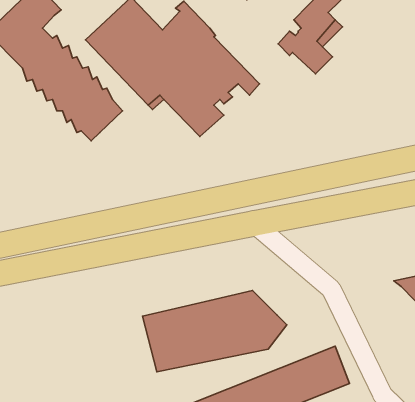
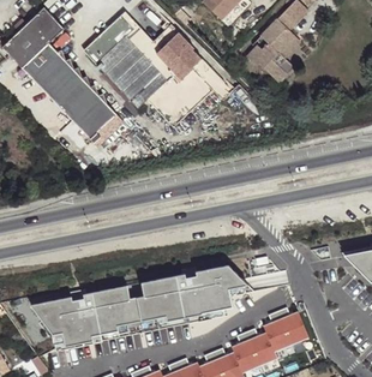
building: none -> [30,286,145,353]

